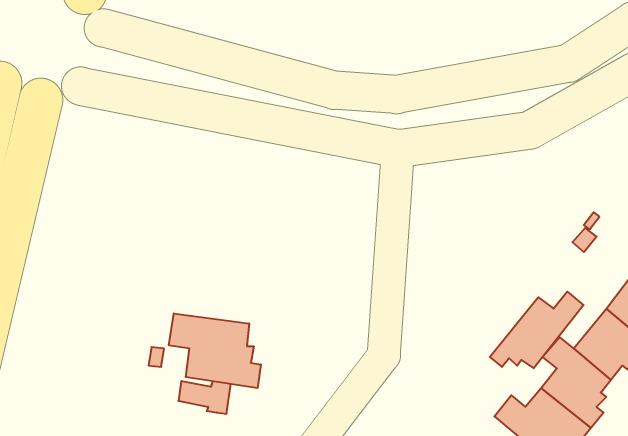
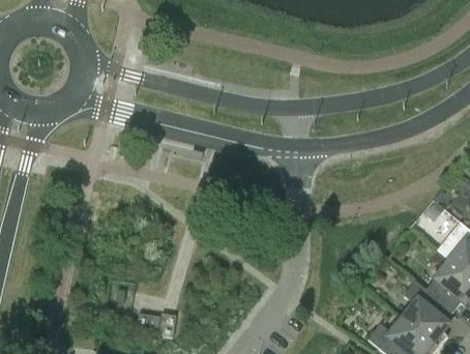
building: [490,292,584,368] -> none
building: [169,313,261,388] -> none

